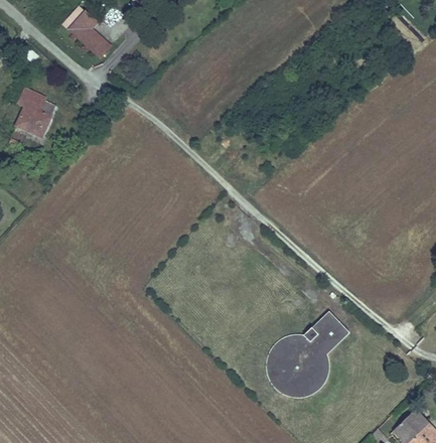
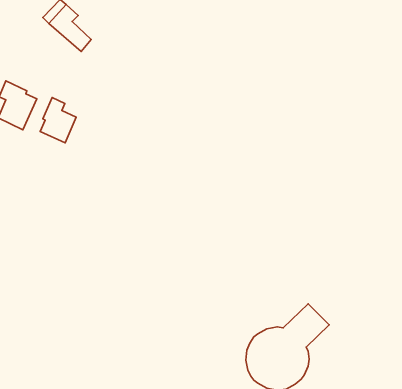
building: none -> [40,97,76,143]

